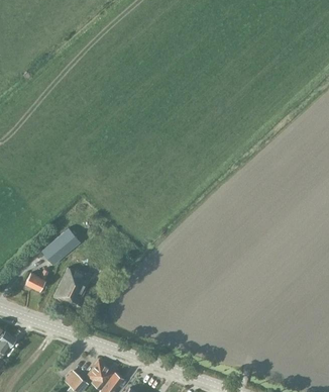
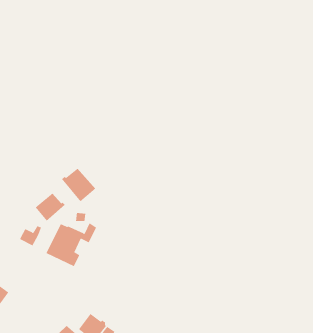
building: none -> [61,168,96,202]

